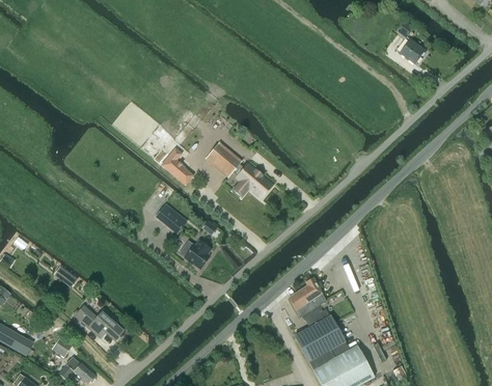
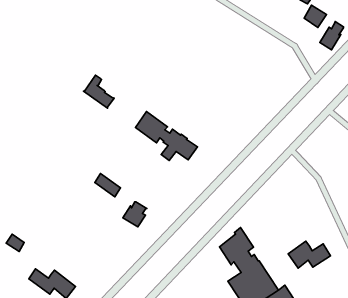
building: none -> [320,21,344,50]
building: [160,147,193,185] -> [84,75,114,108]
building: none -> [288,241,330,268]

